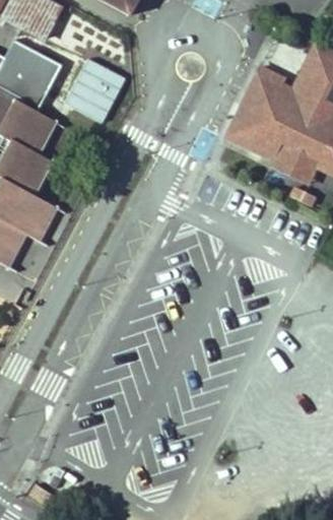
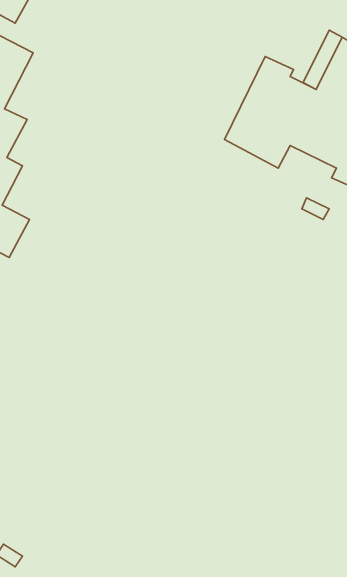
building: [64,58,124,123] -> none
building: [267,143,320,189] -> none

